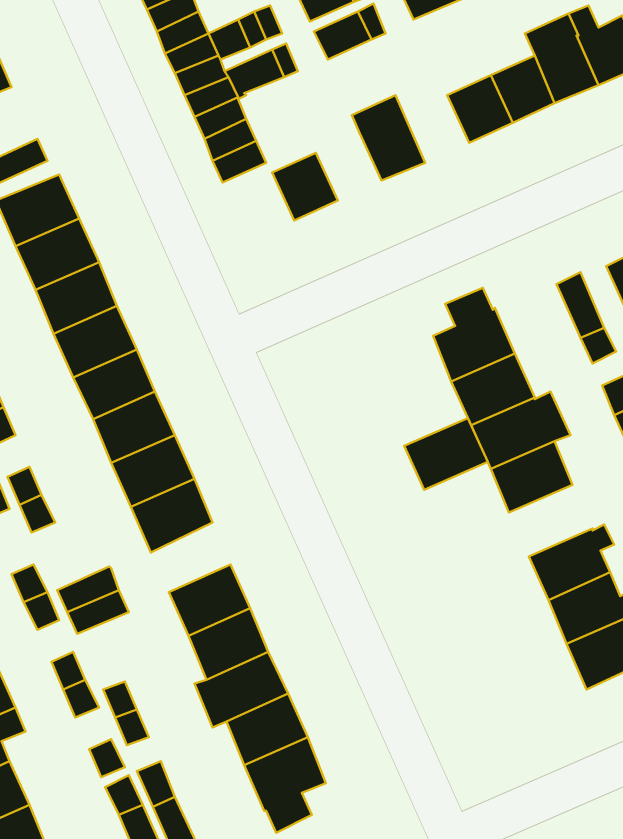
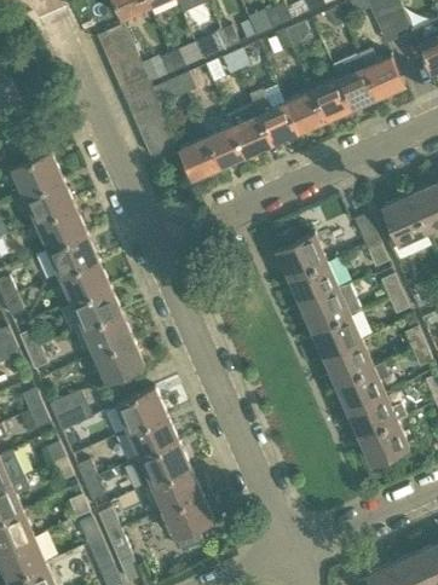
building: none -> [249,89,299,145]
building: none -> [206,127,246,168]
building: [404,418,488,490] -> [323,341,374,384]

